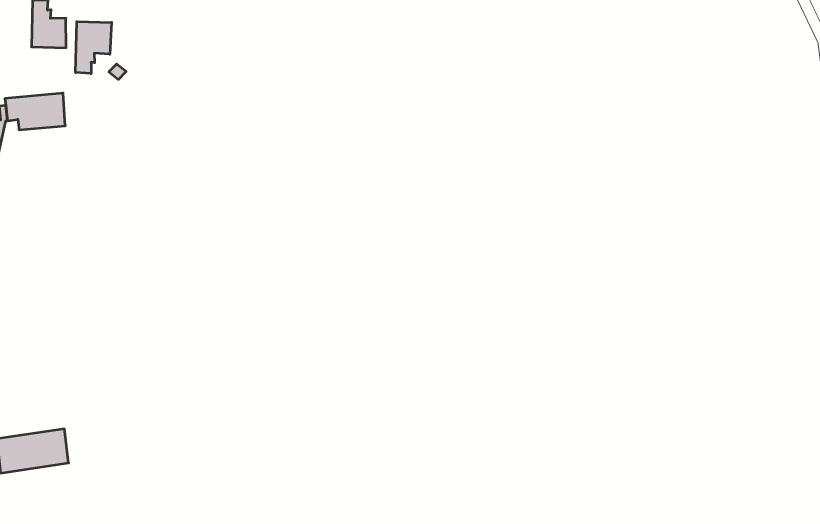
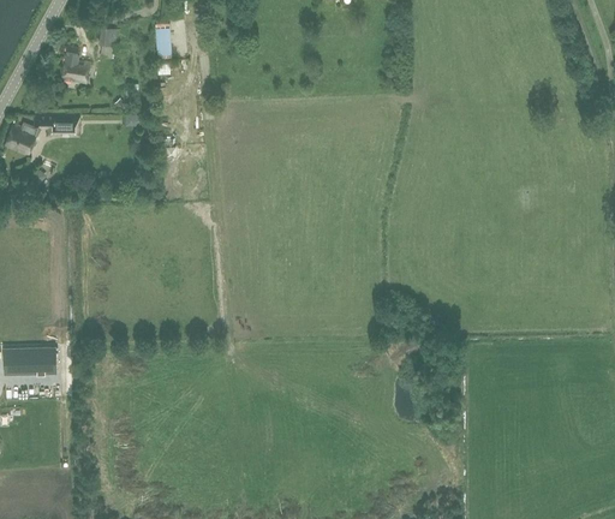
building: [76,22,112,74] -> none

